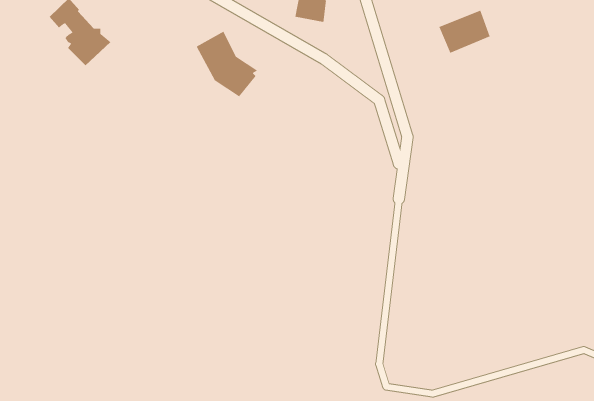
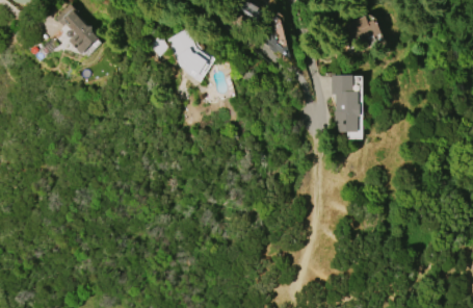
building: none -> [268,22,289,62]
building: none -> [333,76,363,133]

